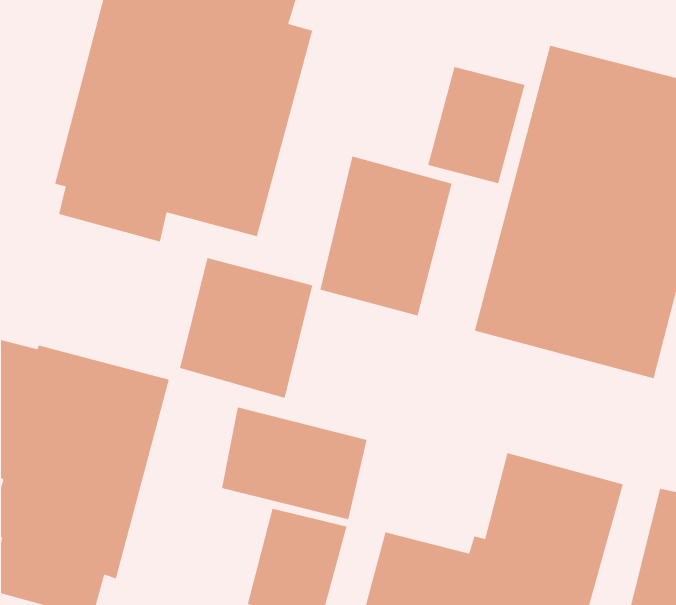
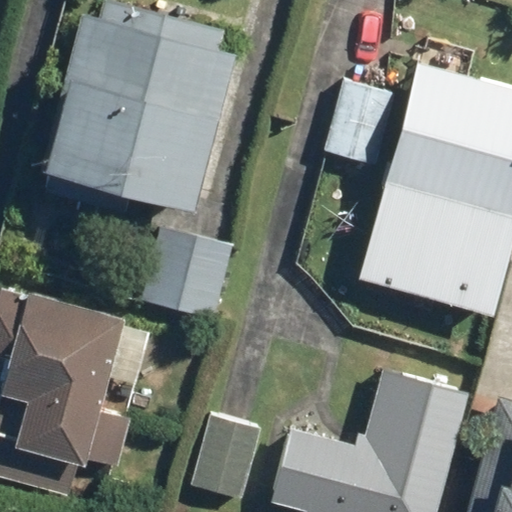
building: [319,156,453,316] -> none
building: [221,406,368,520] -> none

